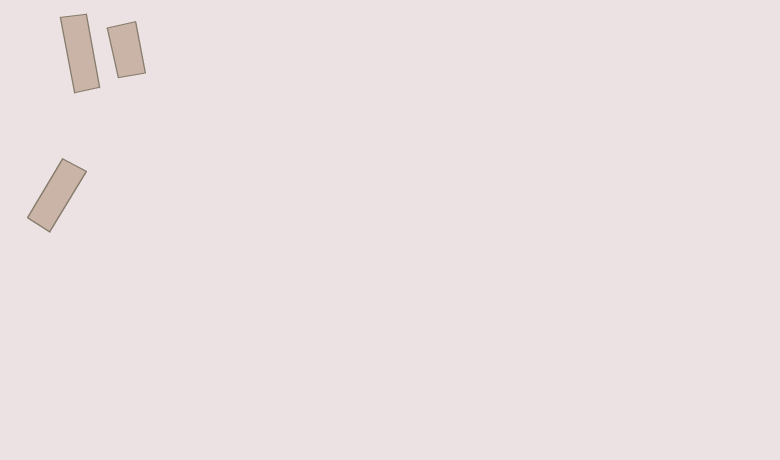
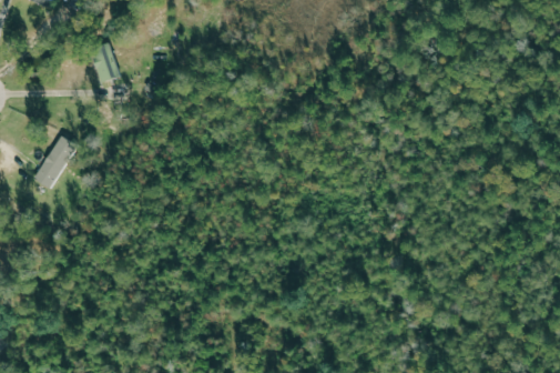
building: [61,14,99,93] -> none

